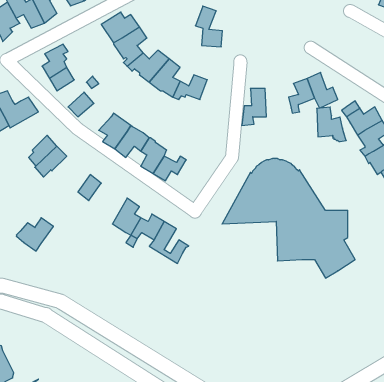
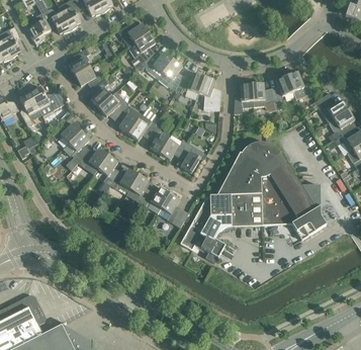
building: [195,6,222,47] -> [198,77,220,110]
building: none -> [98,91,128,118]
building: [317,107,346,142] -> [252,83,276,111]
building: none -> [180,143,203,173]
building: none -> [110,169,139,195]
building: [16,218,53,251] -> [78,148,108,175]
building: none -> [180,193,262,263]

